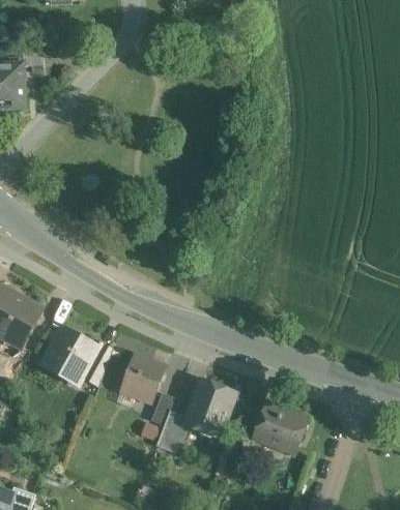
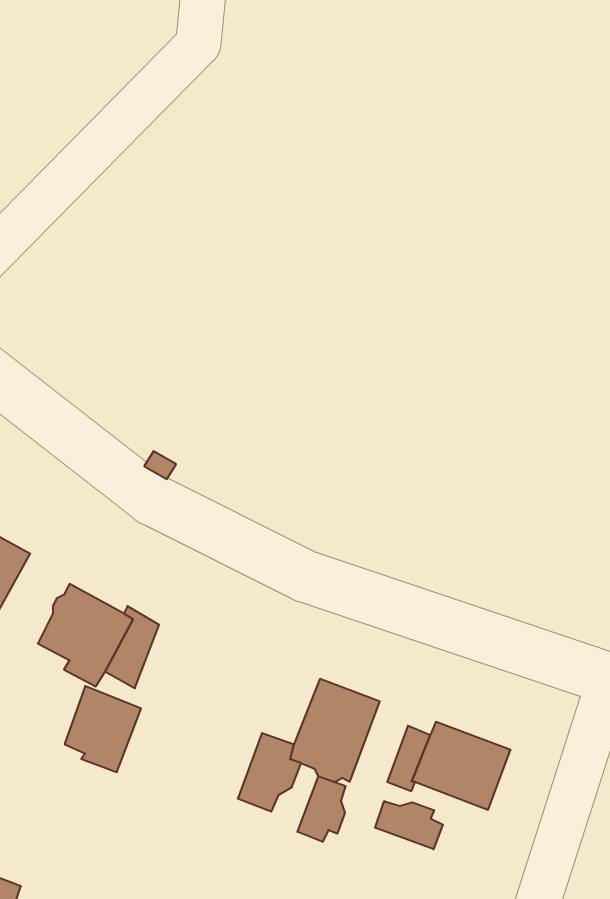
building: [122,355,165,402] -> [65,686,141,772]
building: none -> [297,776,346,842]
building: none -> [375,801,443,849]

